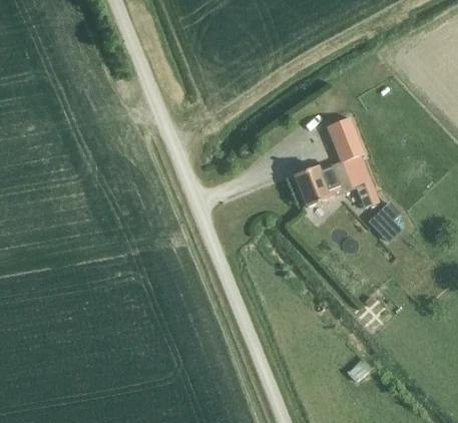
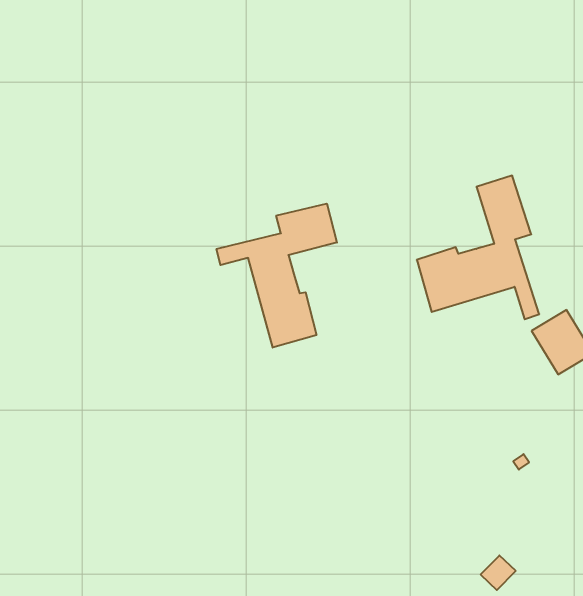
building: none -> [217,204,337,348]

